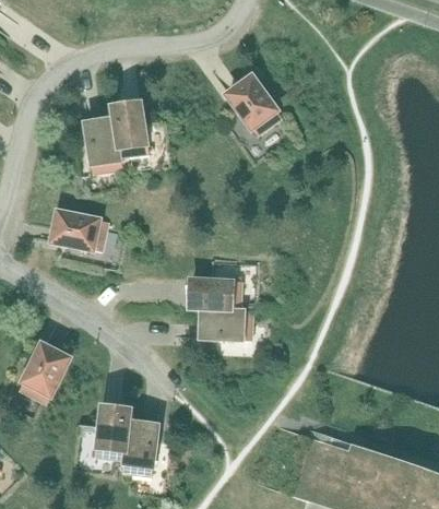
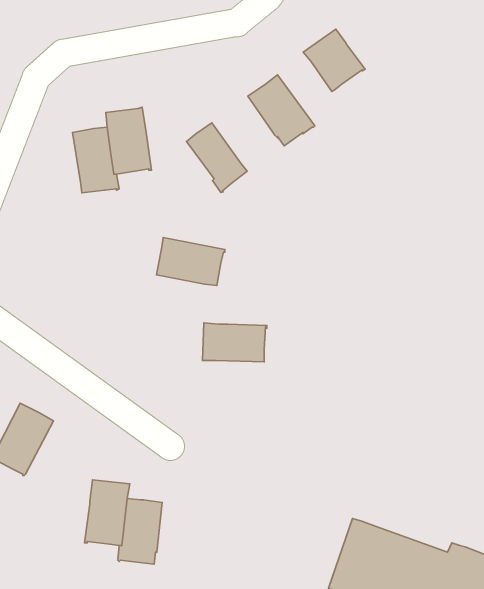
building: none -> [303,29,365,91]
building: none -> [186,123,247,193]
building: [51,210,107,249] -> [156,237,225,286]
building: [200,308,252,339] -> none

